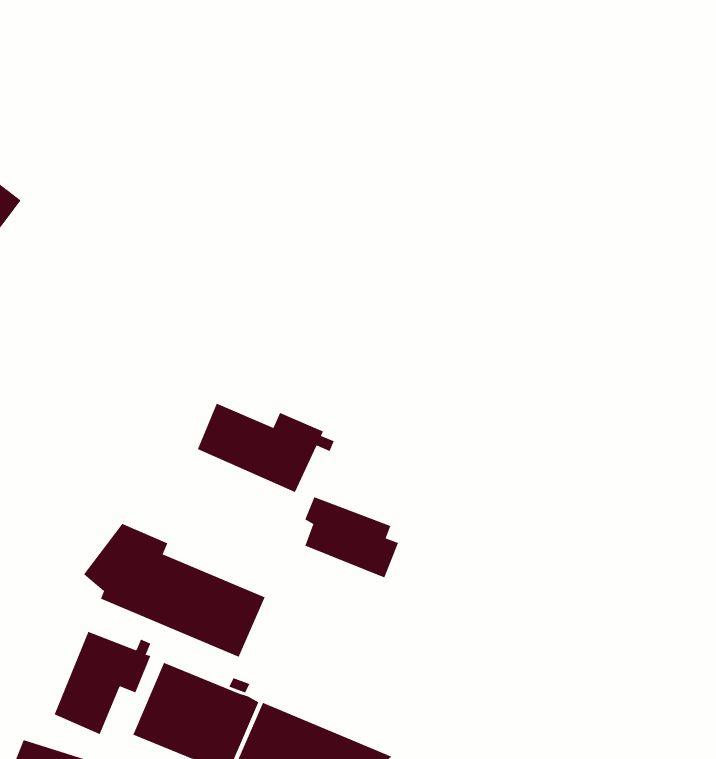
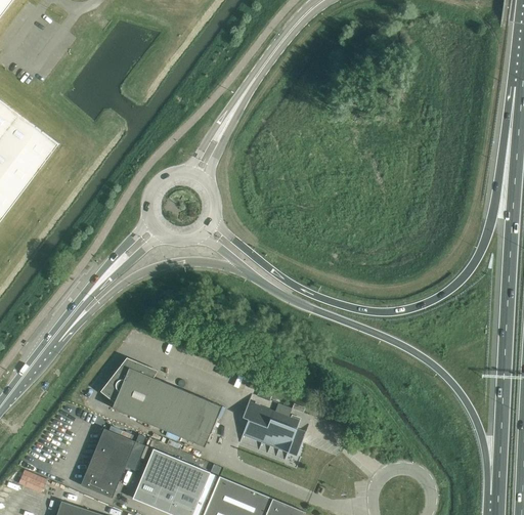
building: [197,403,334,493] -> none
building: [305,496,399,578] -> [242,401,304,456]

